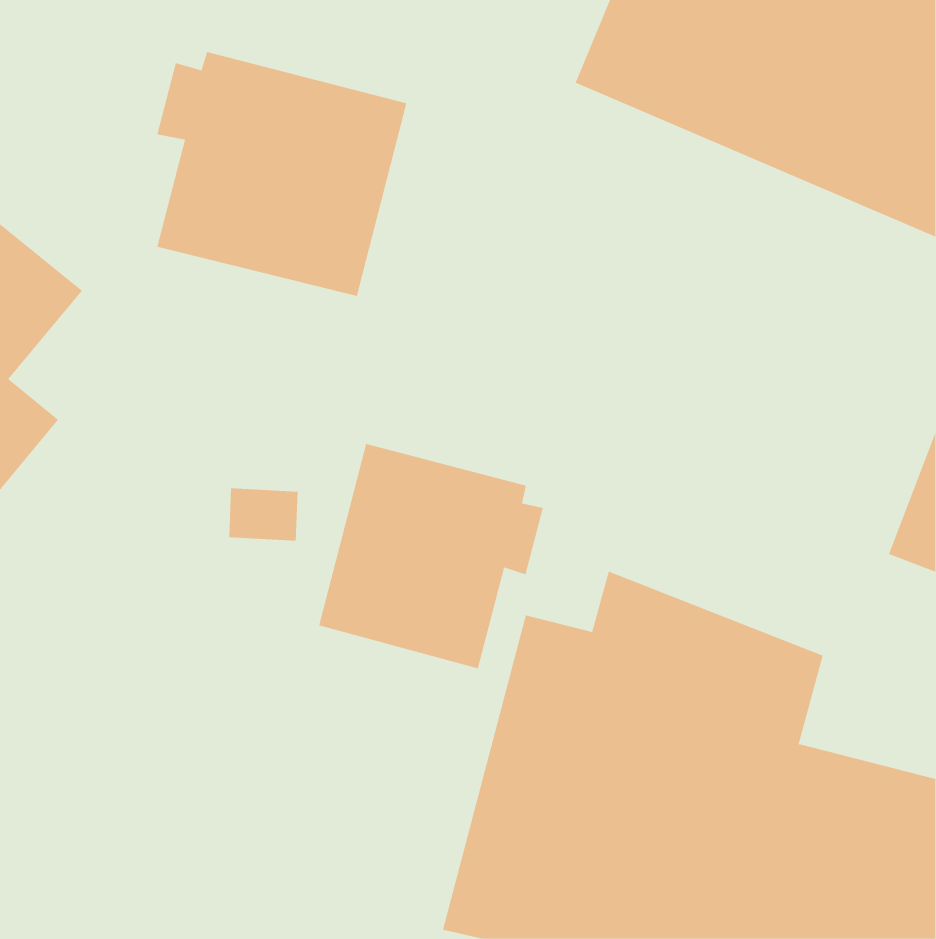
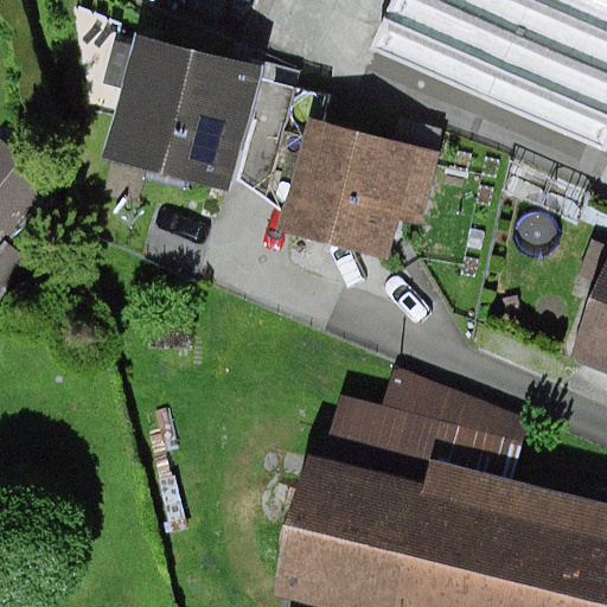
building: none -> [276,117,437,260]
building: [318,443,544,669] -> none

